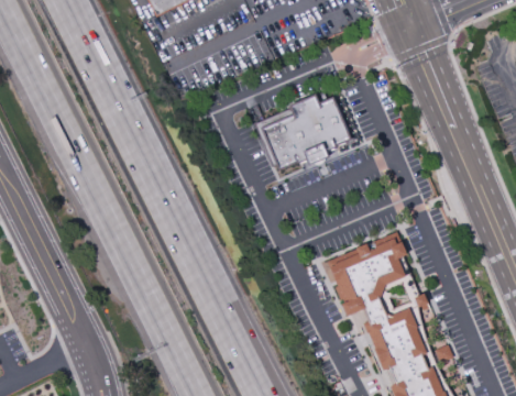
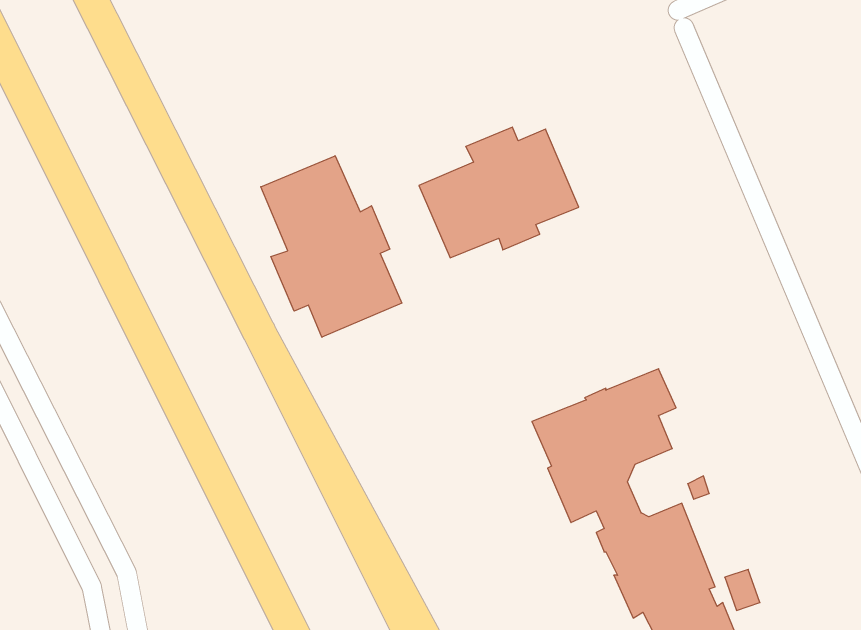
building: none -> [261,156,402,337]

